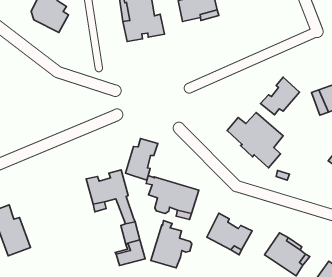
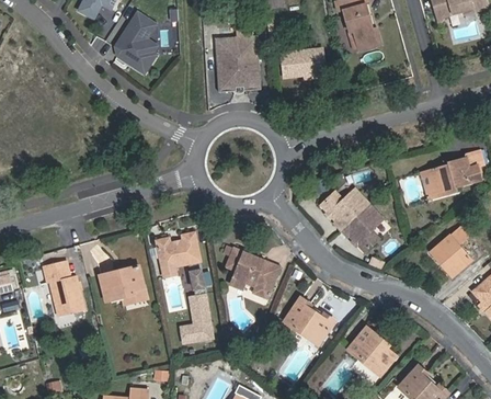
building: [261,77,299,115] -> none
building: [125,139,158,180] -> none
building: none -> [99,265,144,301]
building: [151,221,192,268] -> none

